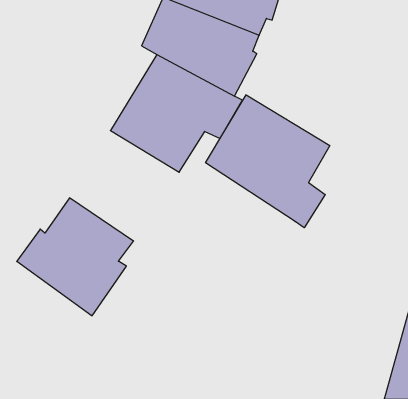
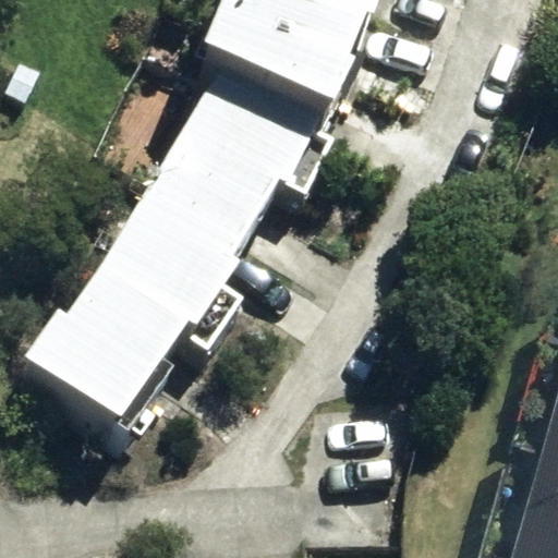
building: [206,95,330,228] -> none
building: none -> [96,178,245,343]

